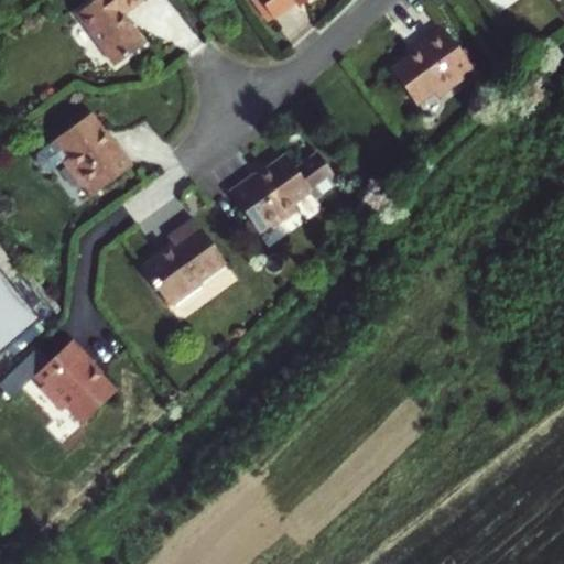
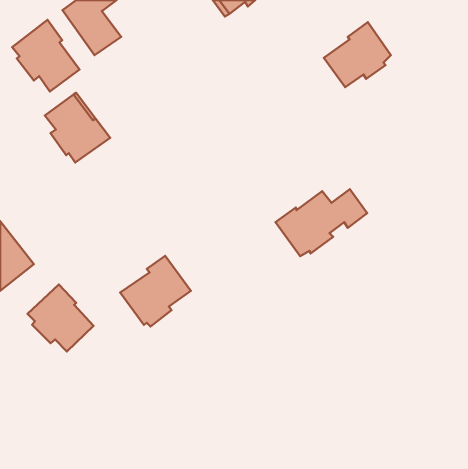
building: none -> [12,20,79,91]
building: [228,151,338,231] -> [276,189,367,256]
building: [140,219,225,304] -> [120,256,191,327]

